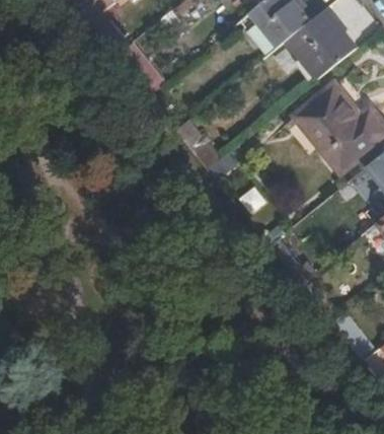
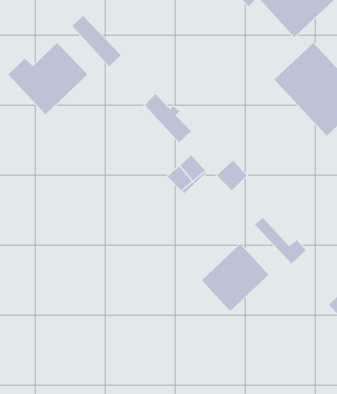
building: none -> [7,42,88,115]
building: none -> [201,243,269,312]

